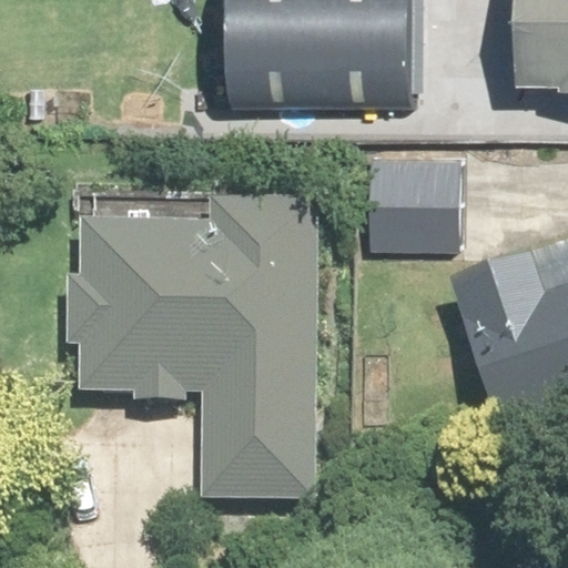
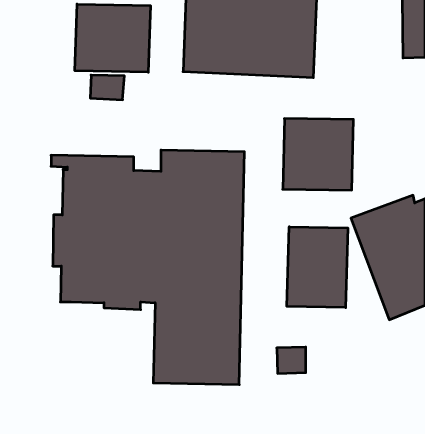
building: none -> [75,4,150,72]
building: none -> [287,227,348,308]

